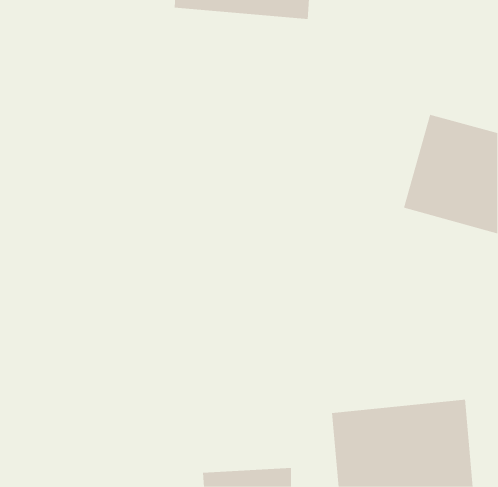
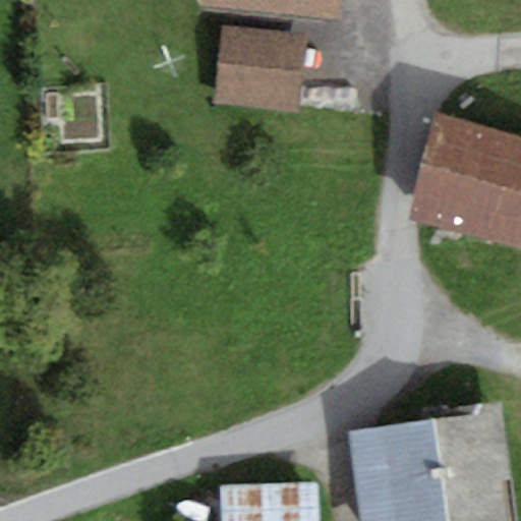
building: none -> [216,26,311,108]

